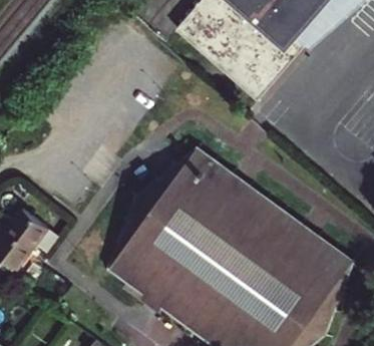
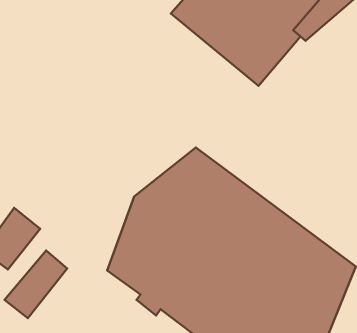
building: none -> [4,250,67,318]

